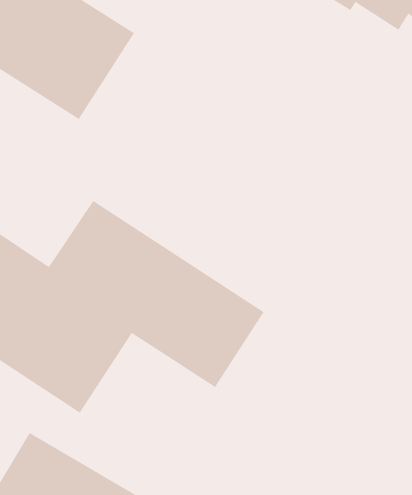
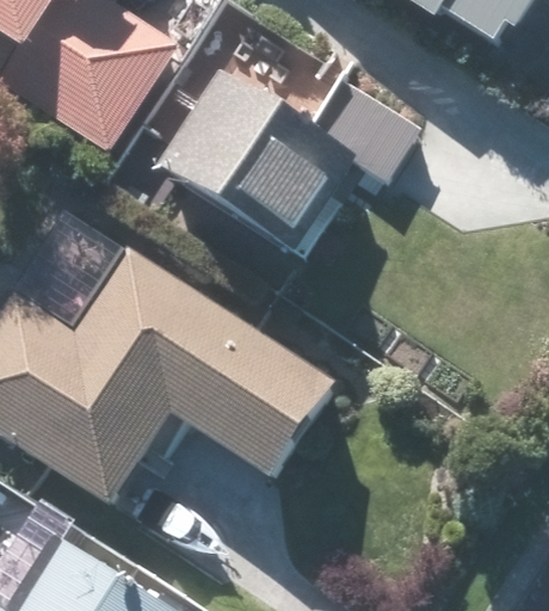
building: none -> [116,64,360,252]

